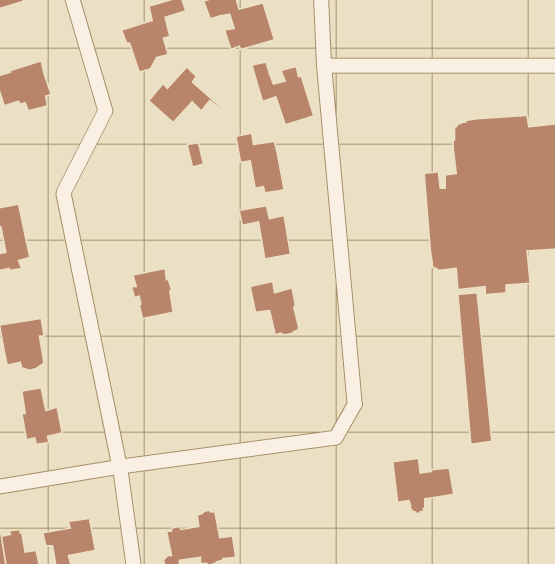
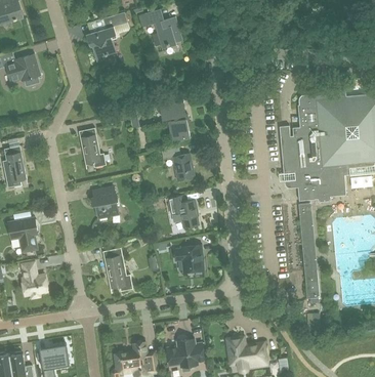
building: [252,62,314,125] -> none
building: [149,67,221,124] -> none
building: none -> [78,127,106,166]
building: none -> [173,243,203,275]
building: none -> [102,246,132,289]
building: [393,459,454,513] -> [226,334,265,369]
building: none -> [166,336,204,369]

